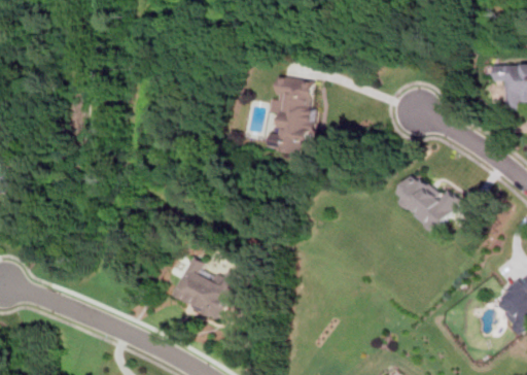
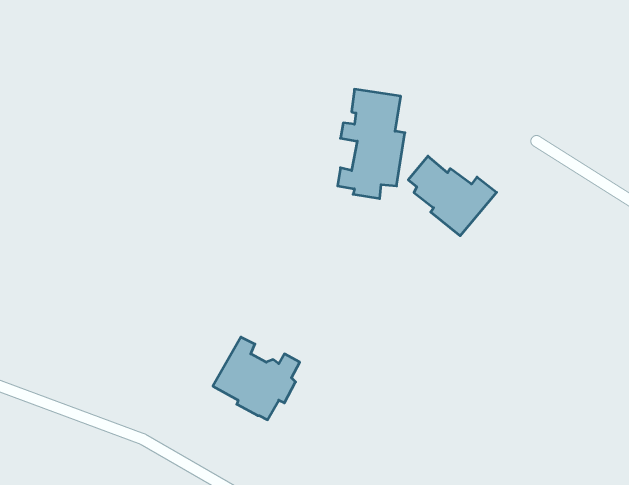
building: [394,175,459,234] -> [408,156,497,236]

